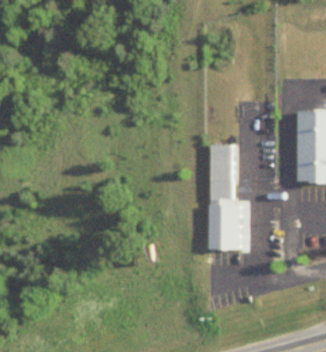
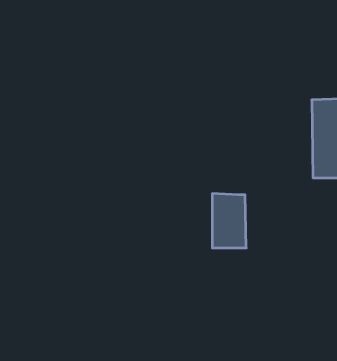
building: [209,144,232,198] -> none

